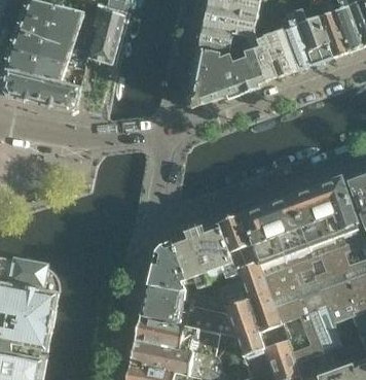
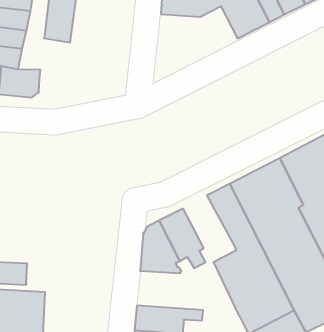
building: [188,48,266,106] -> none
building: [195,222,239,278] -> none
building: [141,284,233,336] -> none

